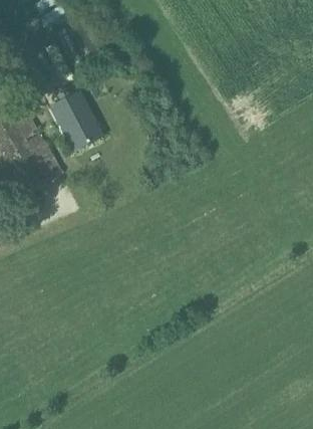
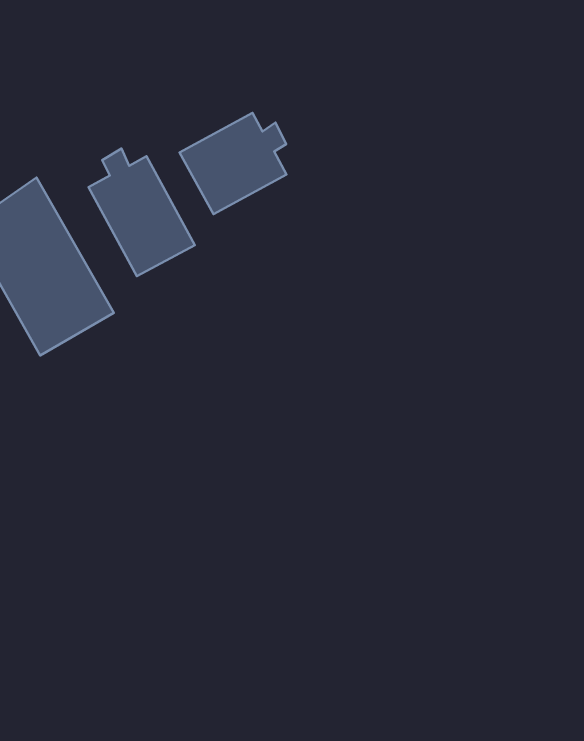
building: none -> [179,113,286,214]

